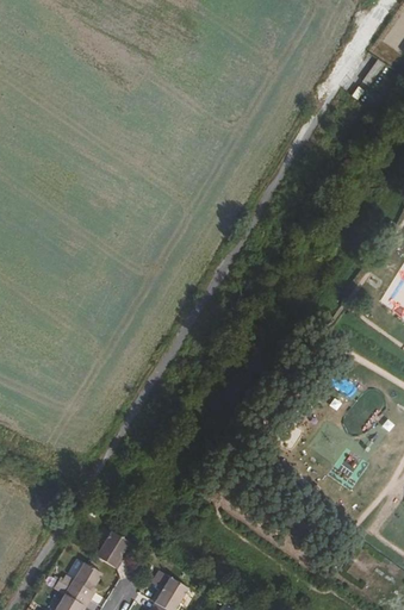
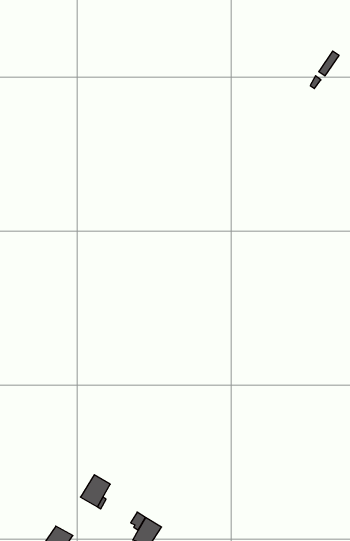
building: [60,562,100,598] -> none

